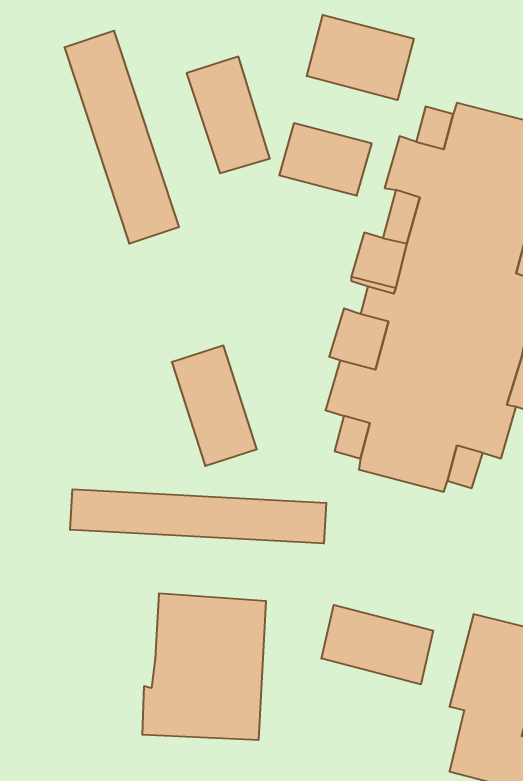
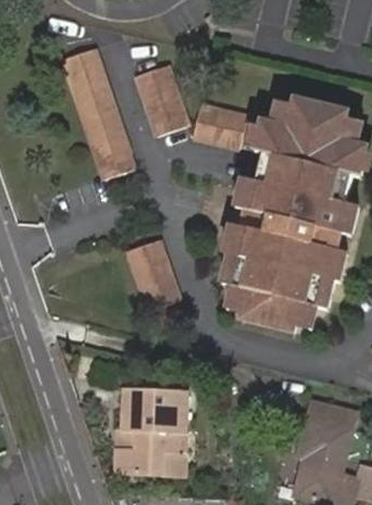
building: [307,15,414,100] -> none
building: [70,489,326,544] -> none
building: [321,605,433,684] -> none

